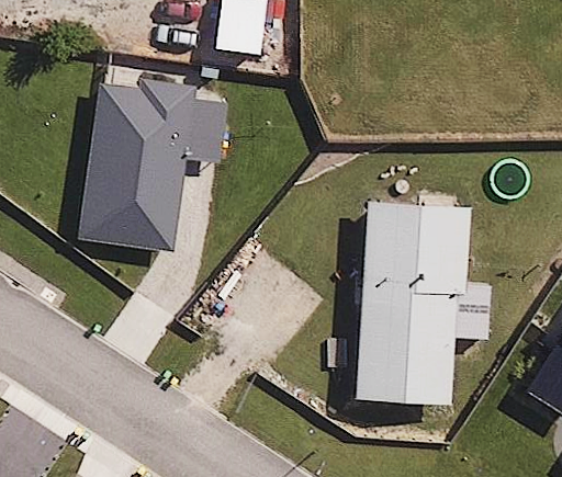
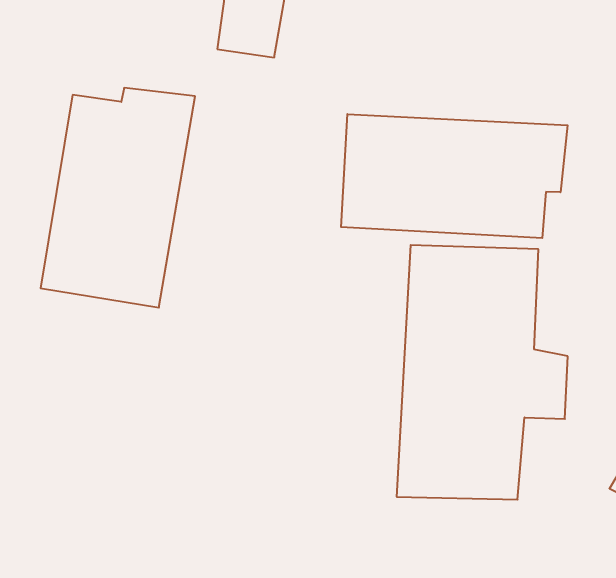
building: none -> [341,114,568,238]

